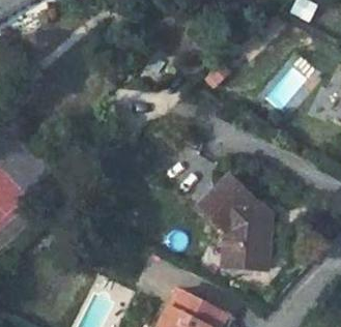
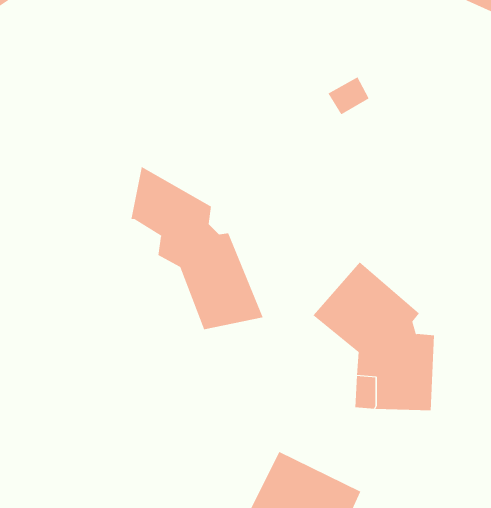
building: none -> [131,166,263,330]

